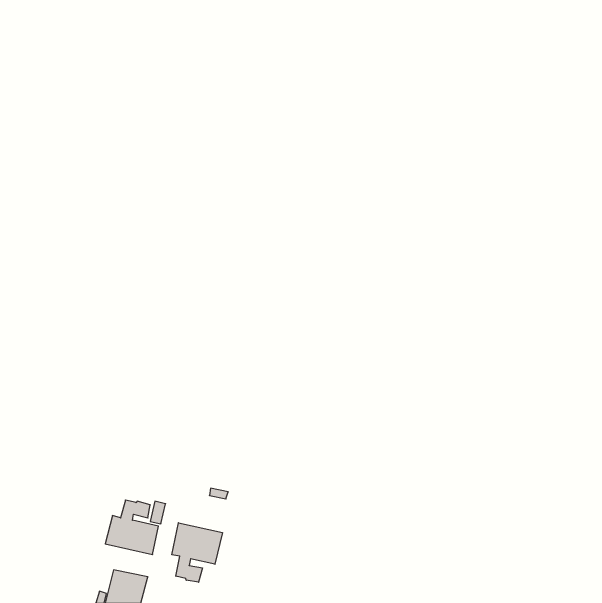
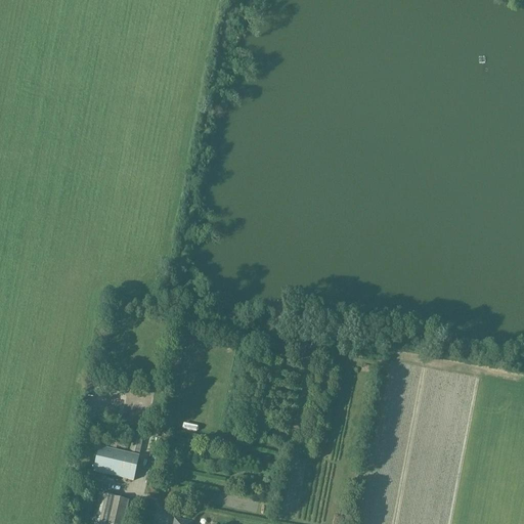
building: [172,523,222,582] -> none

